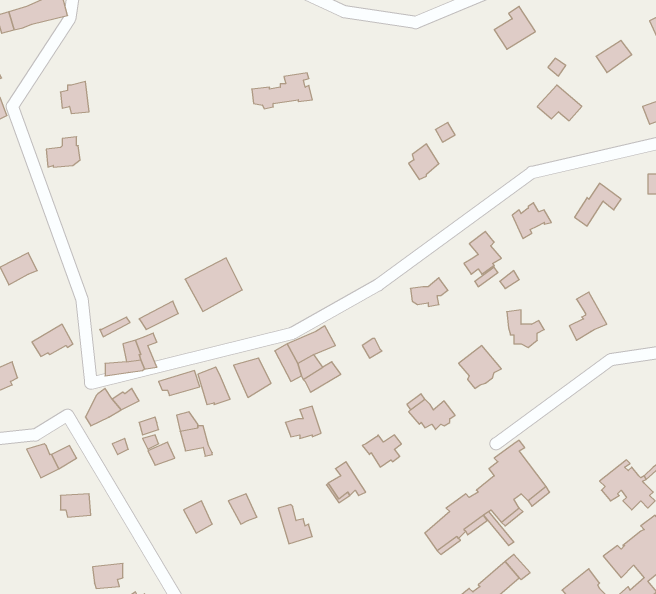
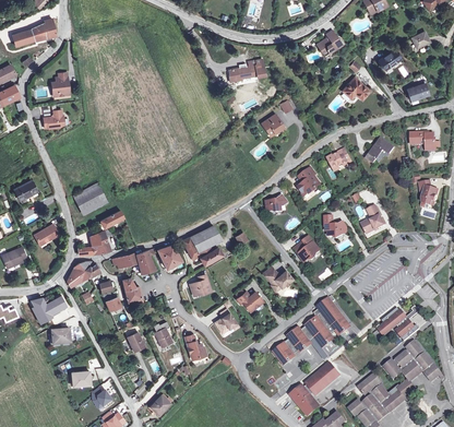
building: [252,73,312,109] -> [228,59,265,81]
building: [185,258,242,311] -> [72,182,107,215]

